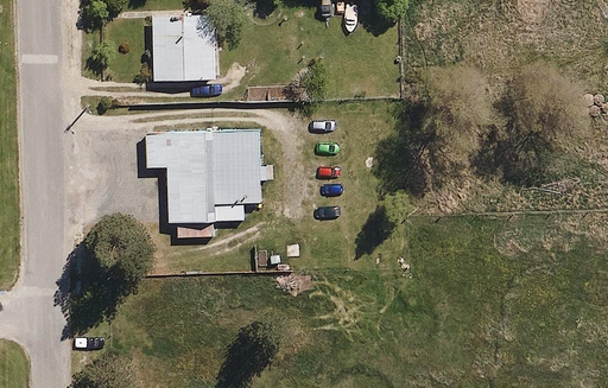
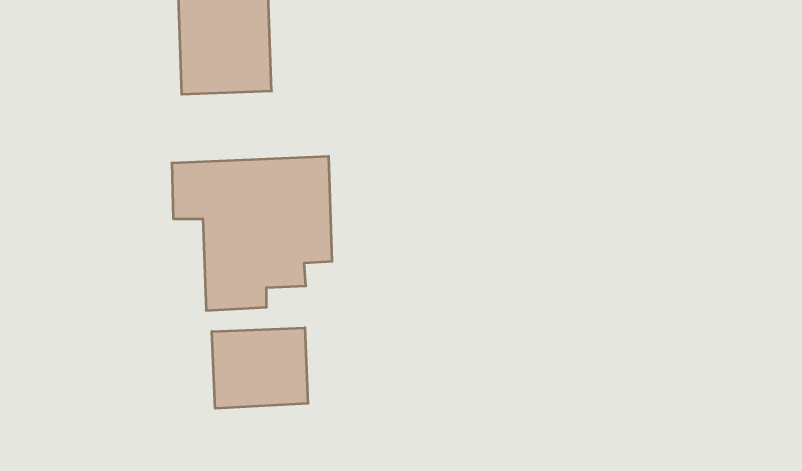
building: none -> [212,328,308,408]

